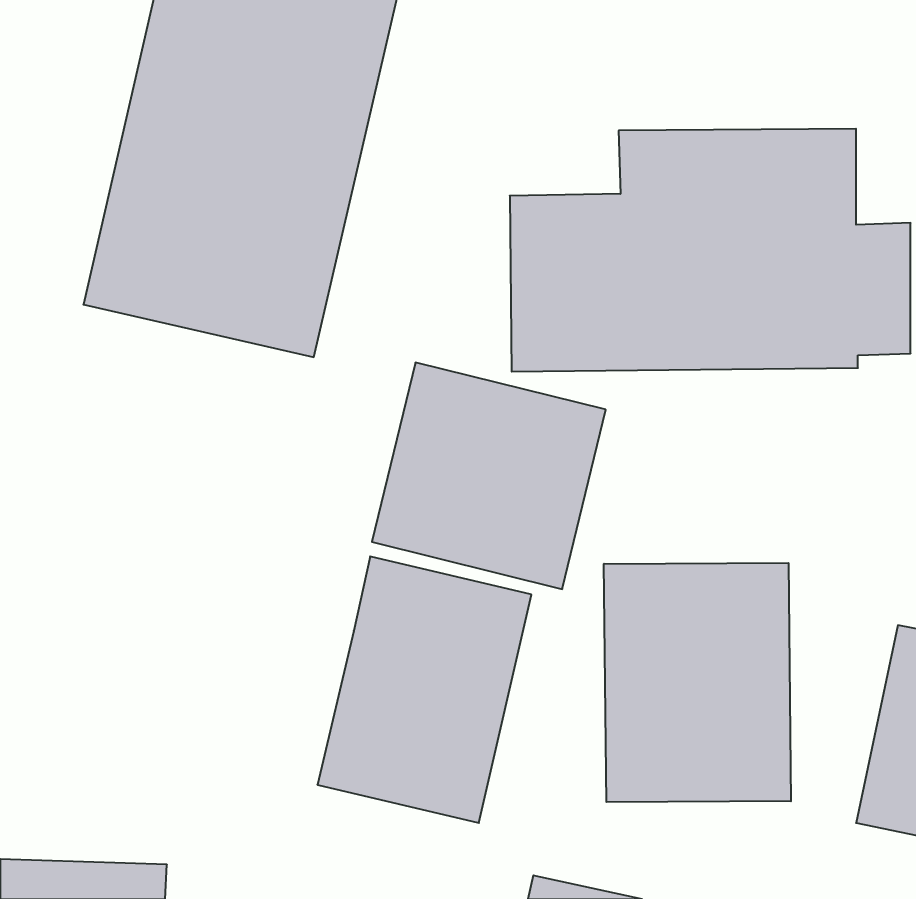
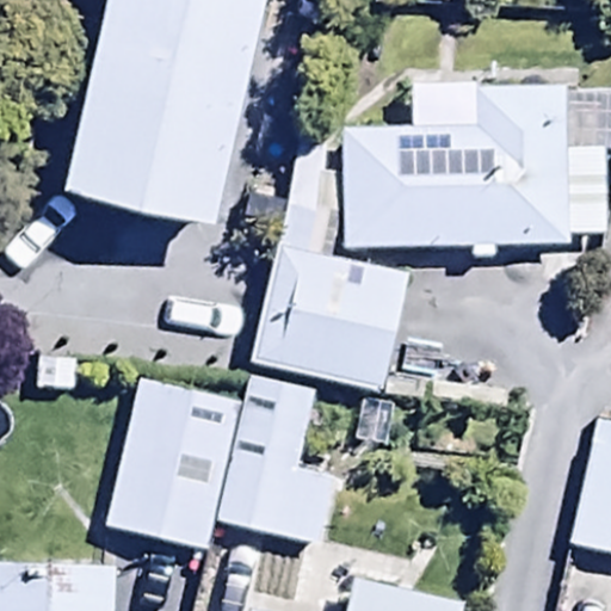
building: [604,563,791,802] -> none
building: none -> [105,391,240,554]

